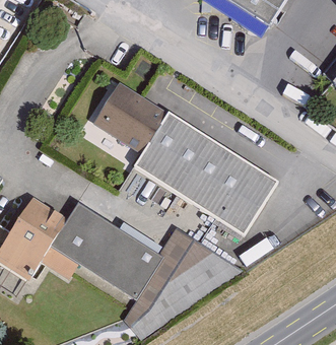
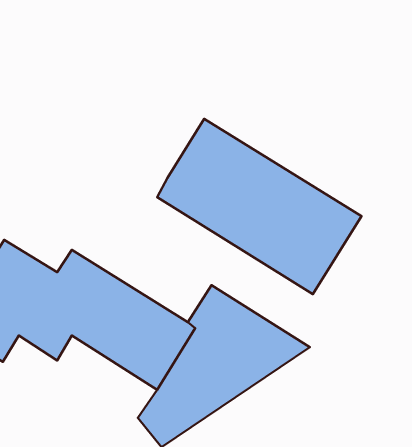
building: [92,81,169,153] -> none

